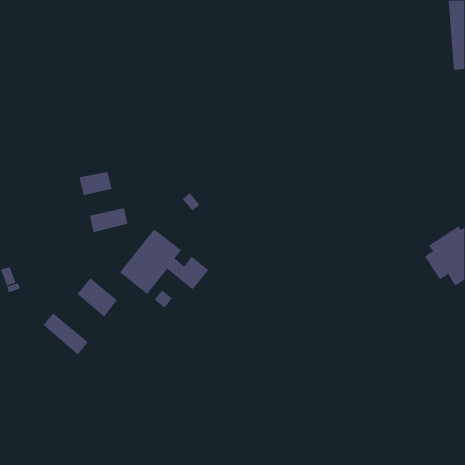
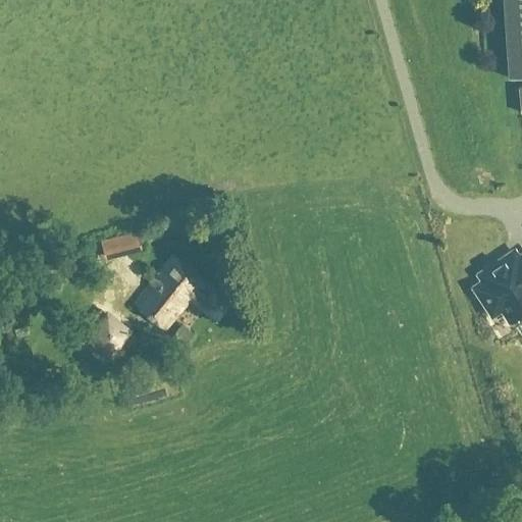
building: [79,171,112,196] -> none
building: [43,312,89,355] -> none

